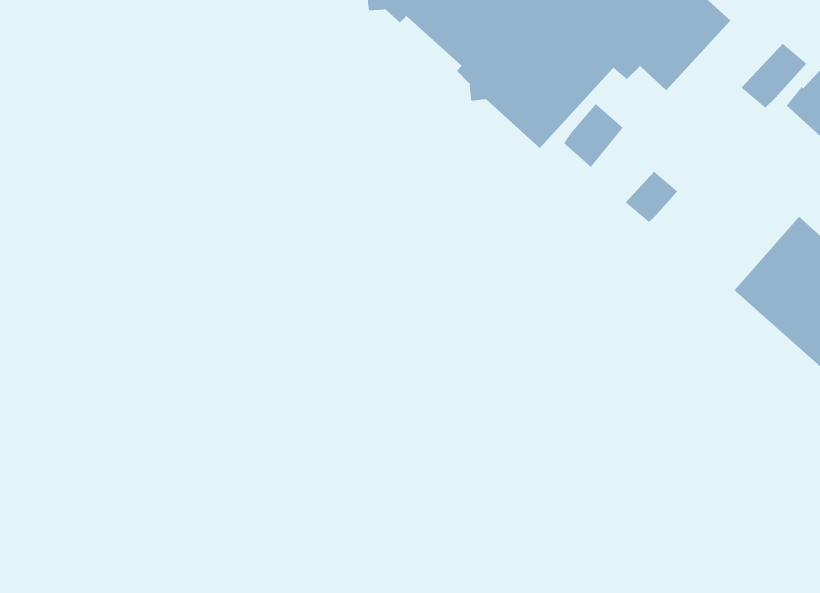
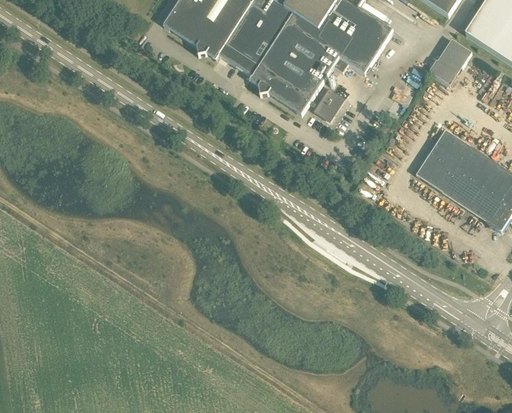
building: [741,43,807,109] -> none
building: [625,171,678,223] -> none

